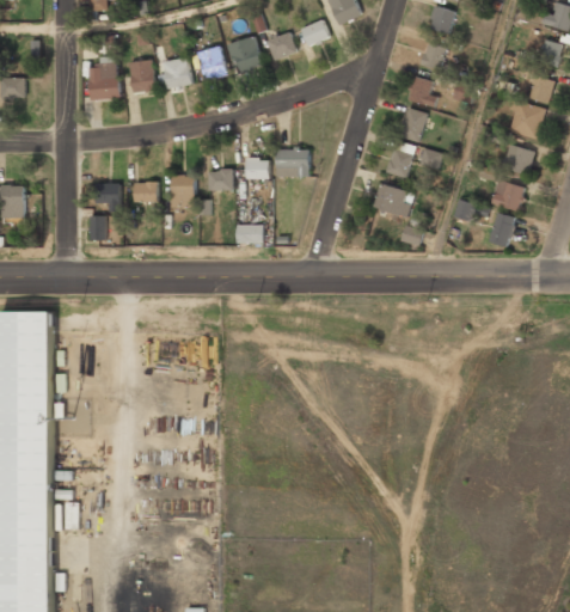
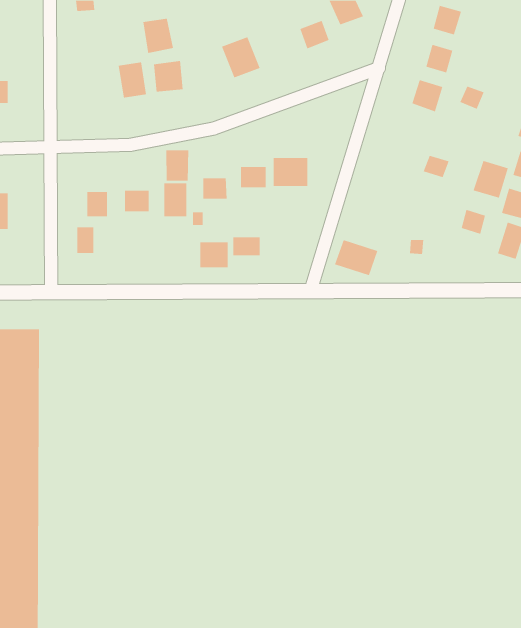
building: [265,31,296,61] -> none
building: [196,48,226,81] -> [142,18,174,53]
building: [88,63,117,99] -> none
building: [397,108,427,142] -> none
building: [386,141,415,178] -> none
building: none -> [166,150,189,181]
building: none -> [473,160,508,199]
building: [372,183,413,218] -> [334,239,378,276]
building: none -> [200,241,228,268]

